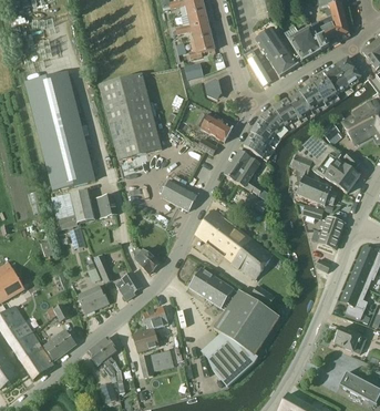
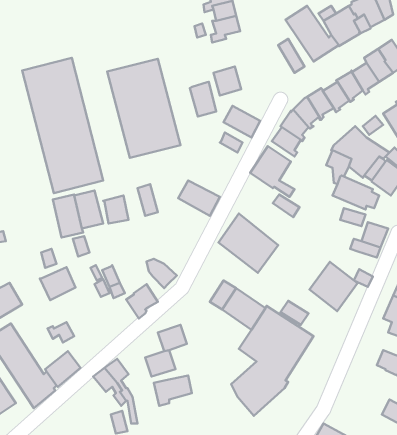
building: none -> [190,82,216,117]
building: [230,236,273,279] -> [309,262,358,311]
building: [78,285,109,314] -> [40,267,75,300]

